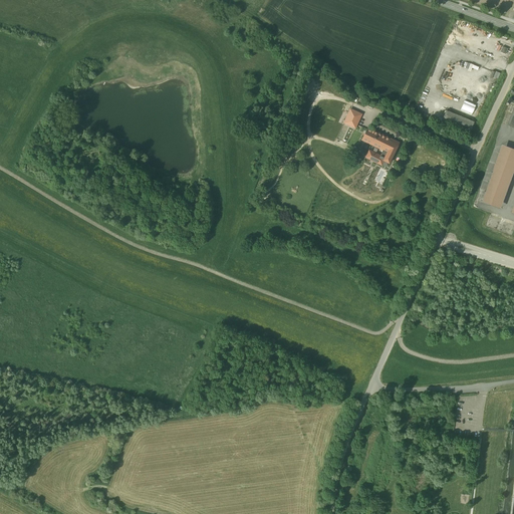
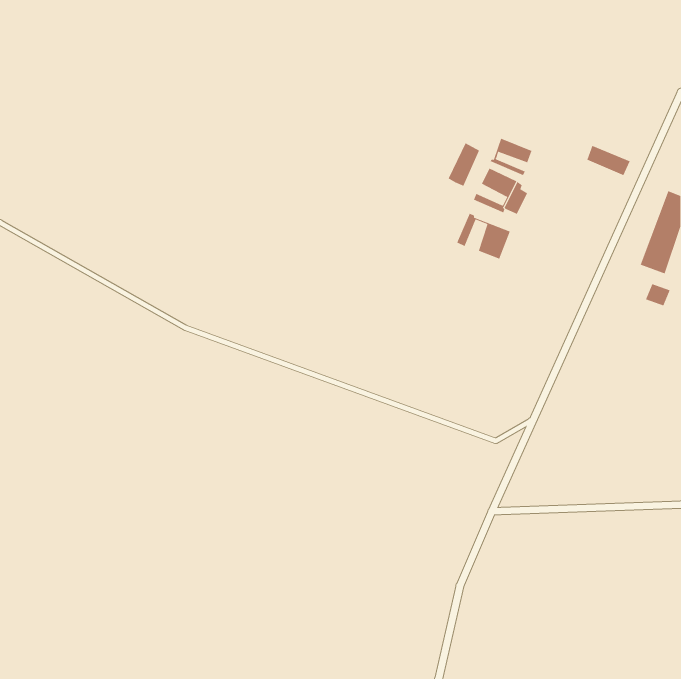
building: none -> [490,138,532,176]
building: none -> [457,213,510,259]

